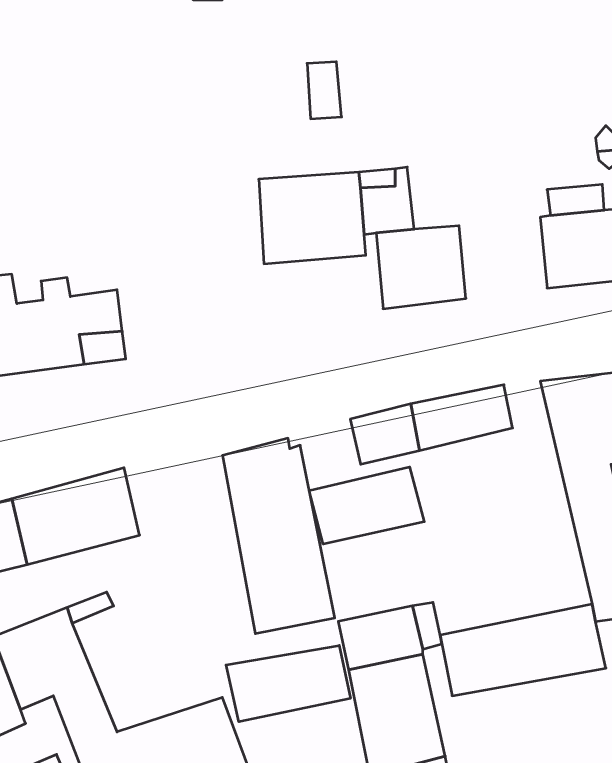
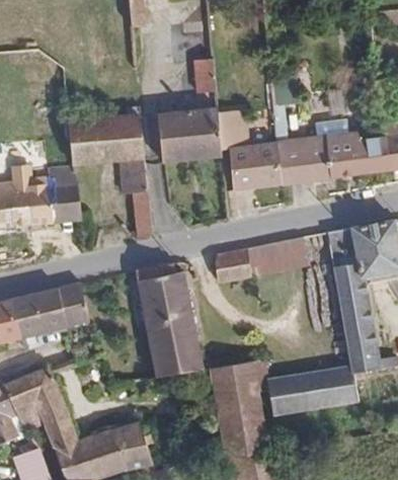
building: none -> [69,117,157,243]
building: none -> [275,136,327,183]
building: [309,467,424,544] -> none
building: [226,645,350,722] -> none

